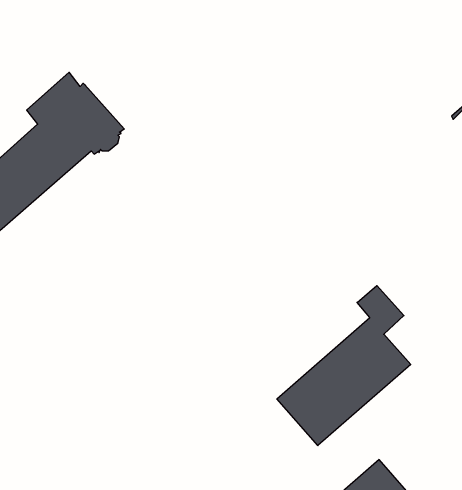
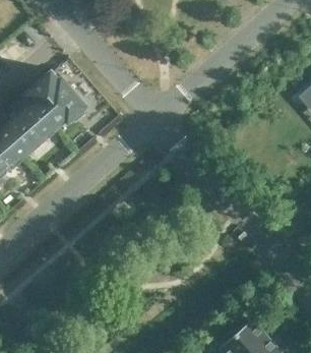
building: [277,286,411,446] -> none

